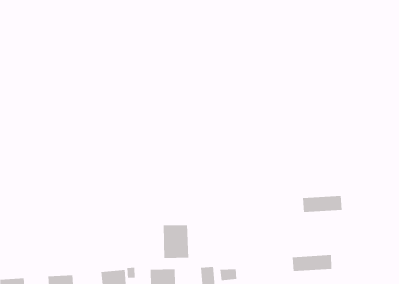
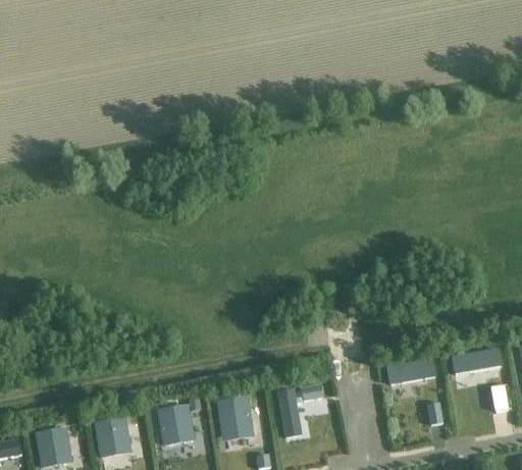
building: [302,195,342,213] -> [452,347,502,372]
building: [163,225,189,259] -> none

